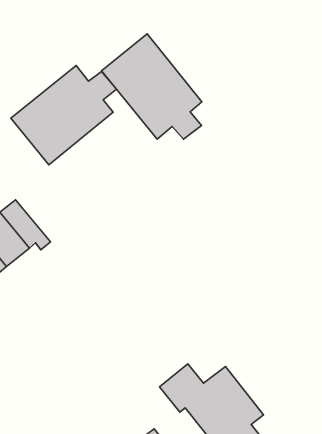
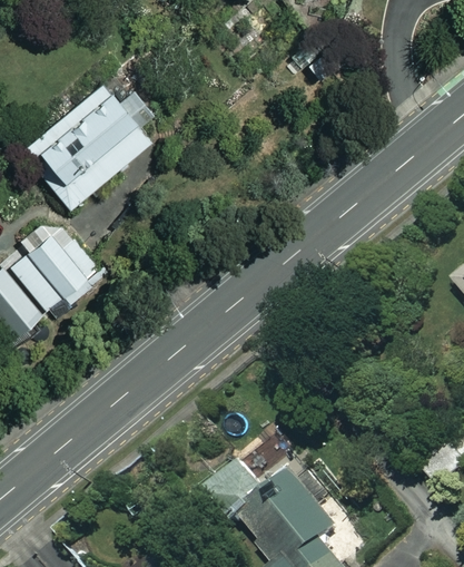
building: [102,34,202,139] -> none
building: none -> [19,217,99,309]

